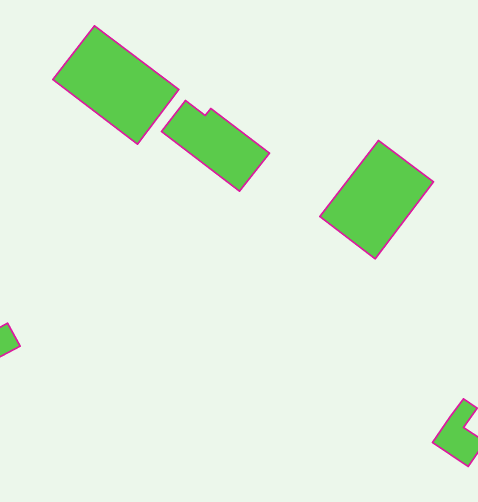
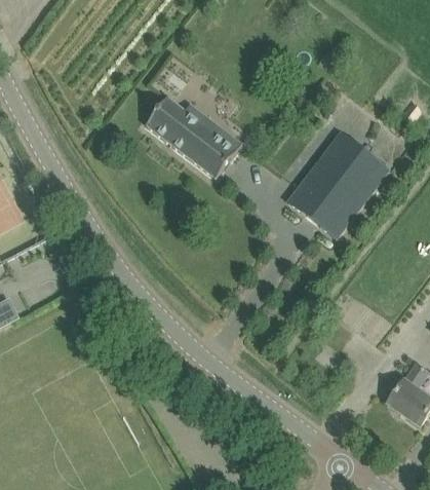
building: [53,26,179,144] -> none

